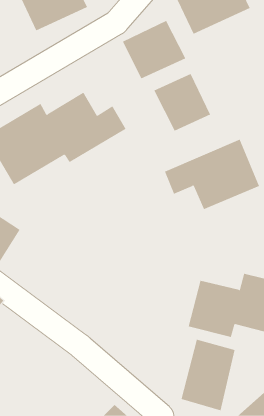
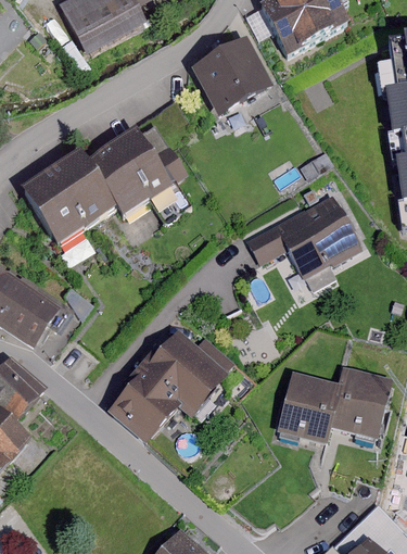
building: [153,73,211,132] -> none
building: none -> [104,328,233,449]
building: [181,339,235,411] -> none

